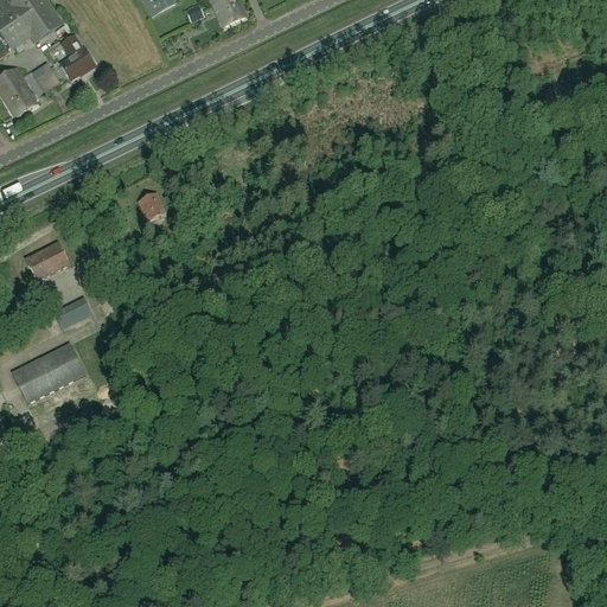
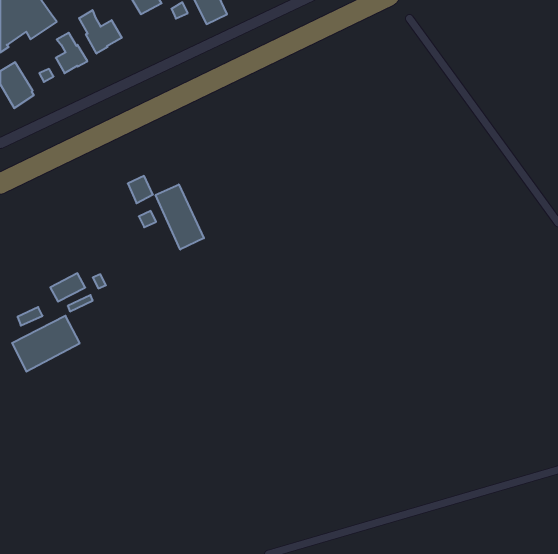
building: none -> [79,10,122,54]
building: none -> [156,184,204,250]
building: [26,242,69,280] -> none

